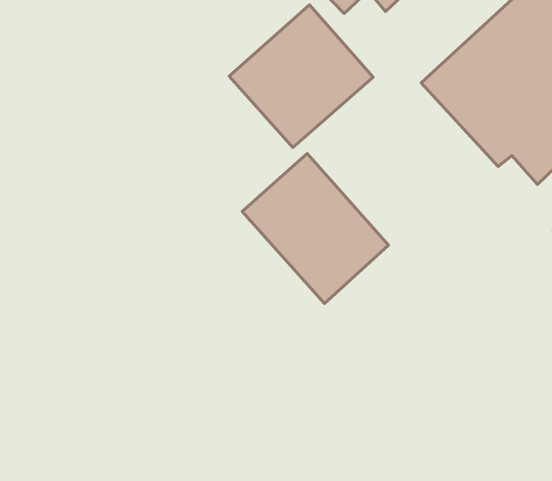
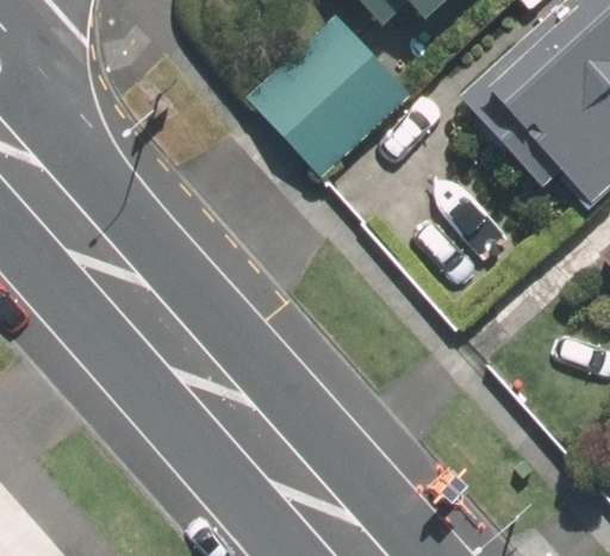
building: [242,154,388,303] -> none

